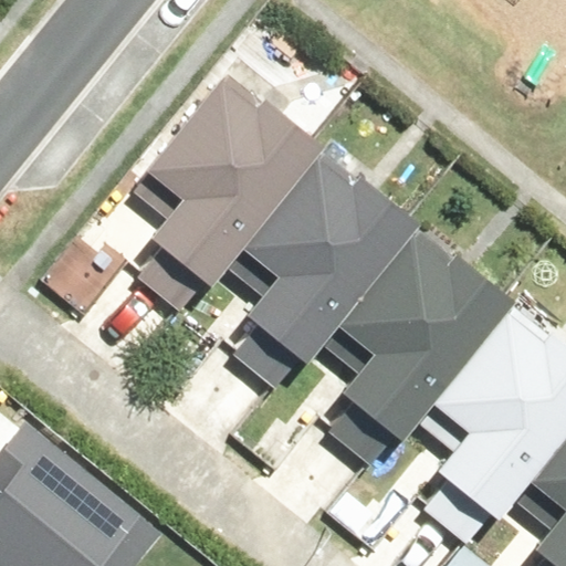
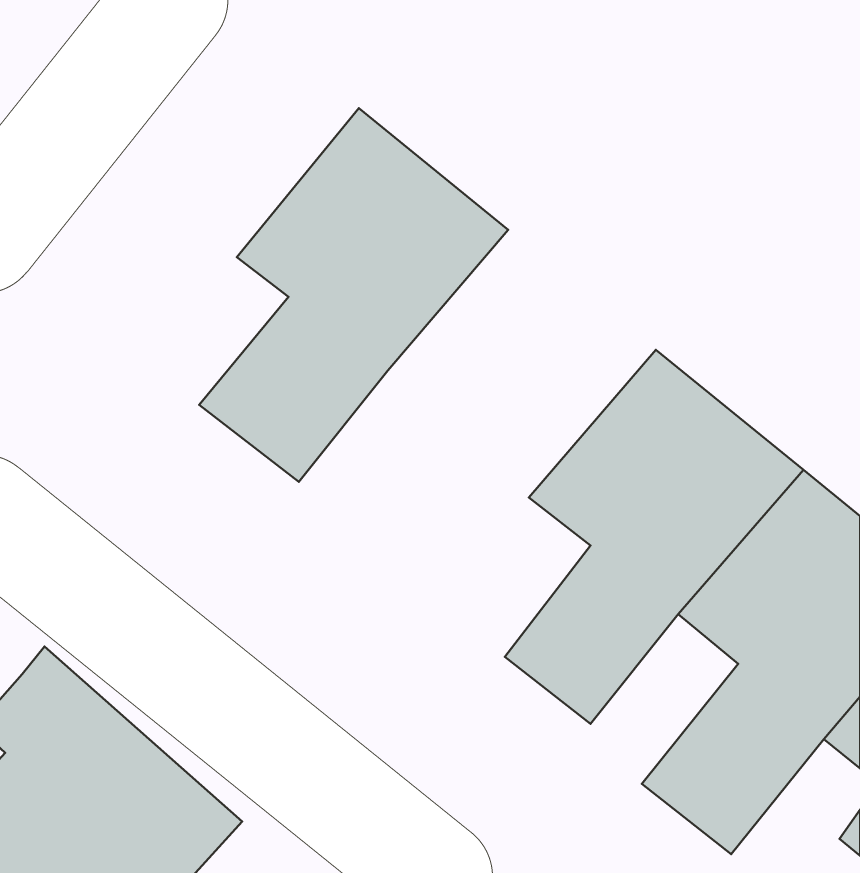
building: [219,150,422,401] -> none

